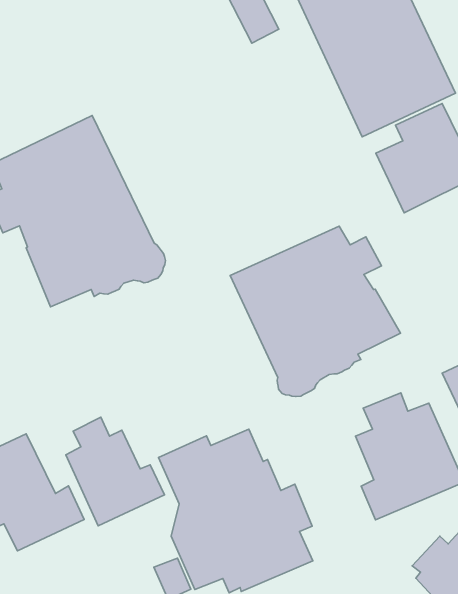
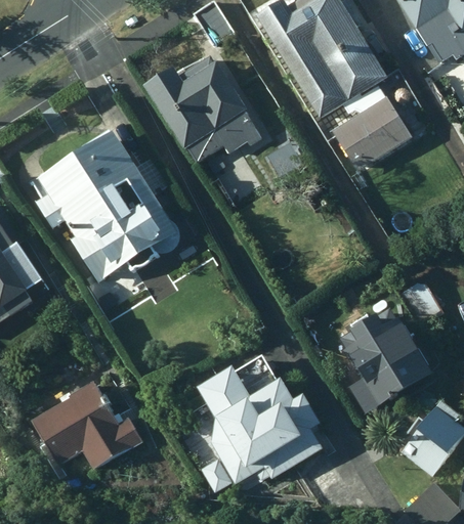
building: none -> [140,52,263,163]
building: [230,226,400,397] -> none
building: [66,417,164,526] -> none

